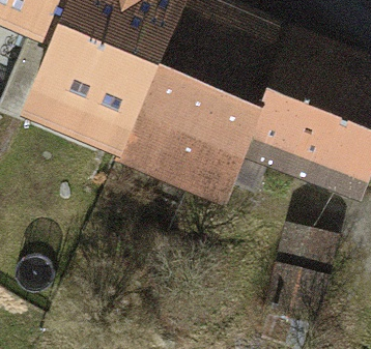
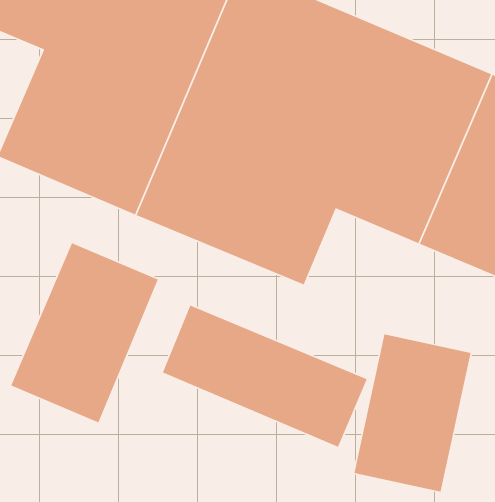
building: none -> [10,242,159,424]
building: none -> [162,305,368,448]

